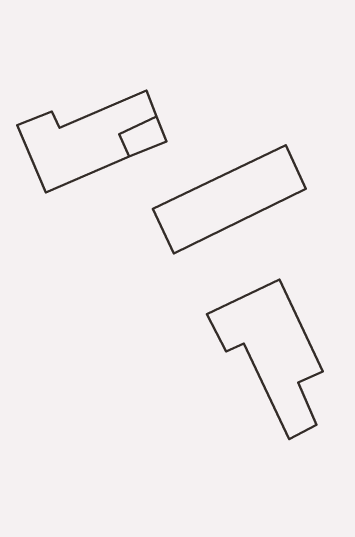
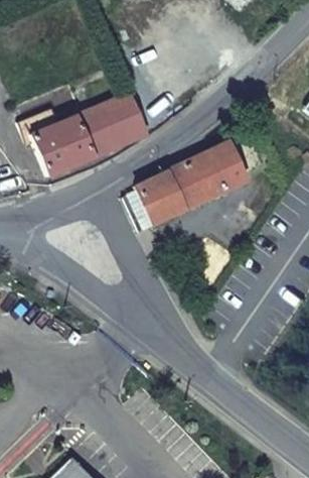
building: [207,279,323,439] -> none

